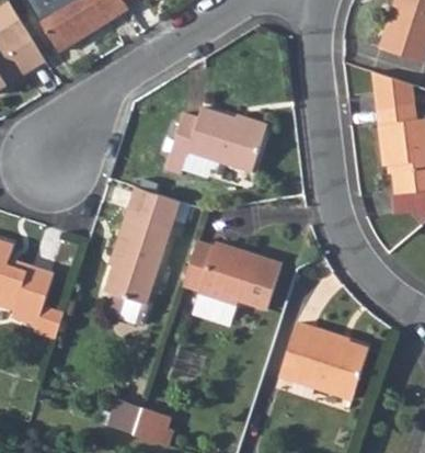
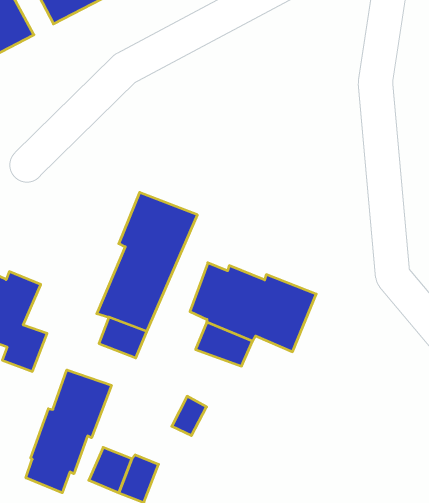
building: [162,106,263,172] -> none
building: [278,324,367,398] -> none
building: none -> [26,370,111,493]

